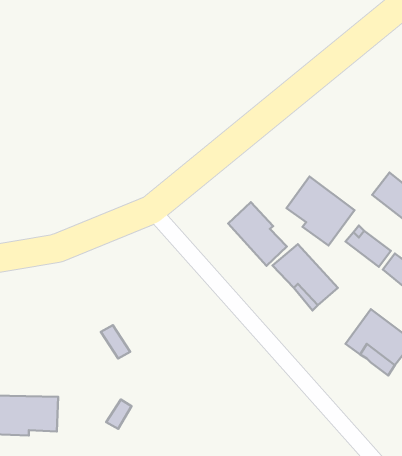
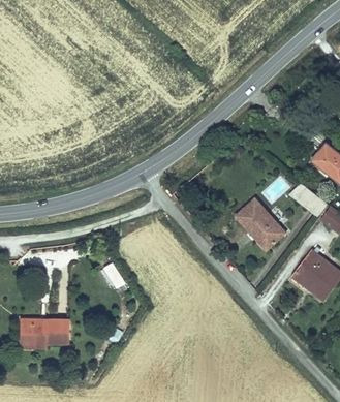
building: [286,176,355,246] -> none
building: [228,202,287,266] -> none

